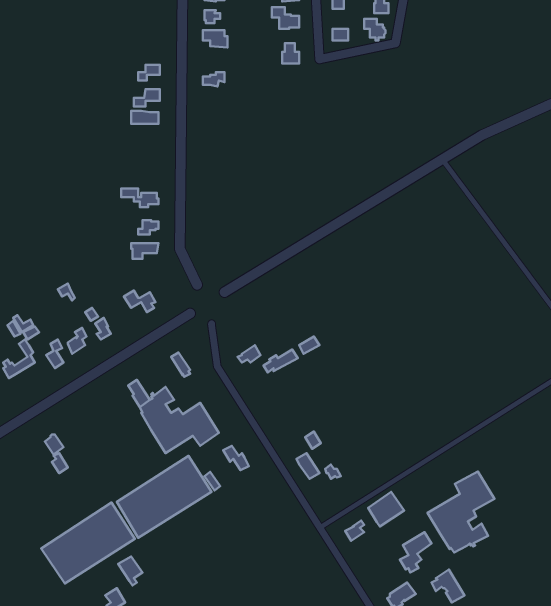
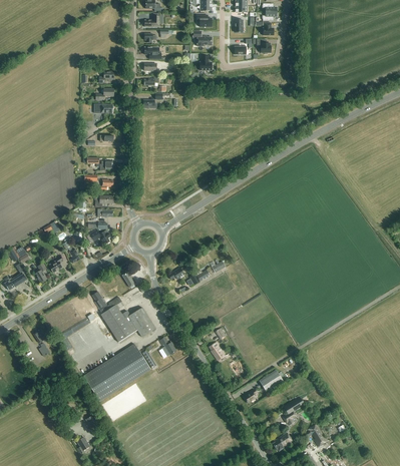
building: [428,471,494,552] -> none
building: [41,502,135,583] -> none

